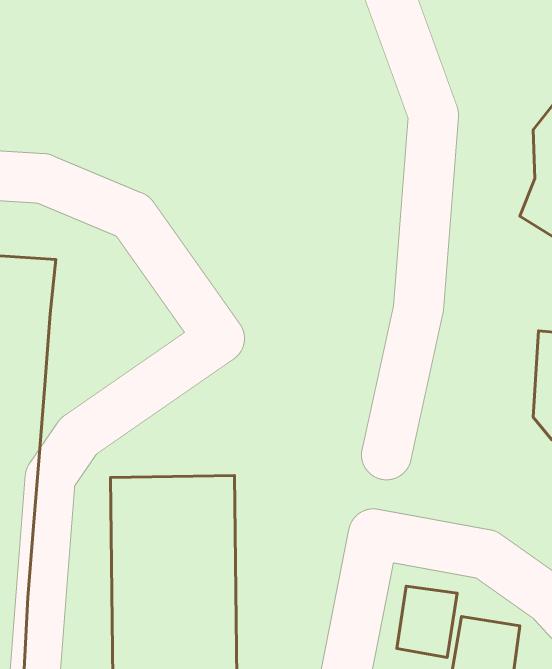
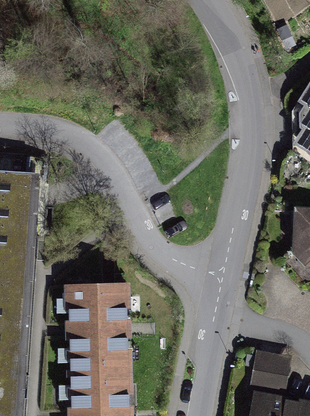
building: [397,586,457,658] -> none

